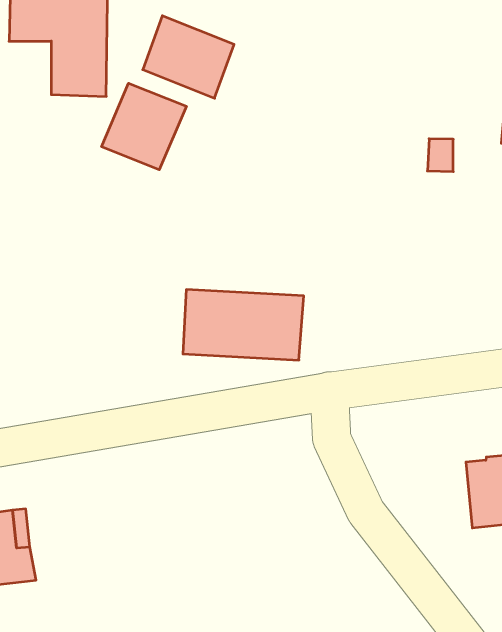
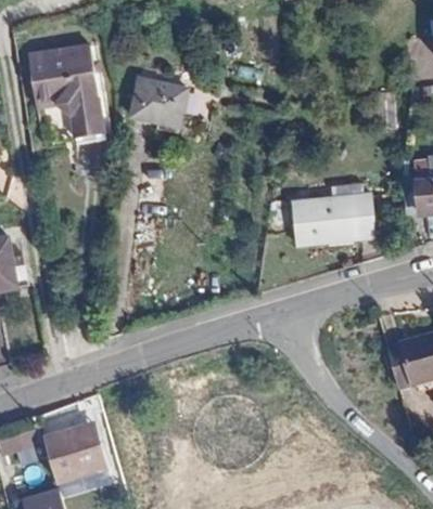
building: [102,83,186,170] -> none
building: [183,290,304,360] -> [291,194,373,245]

